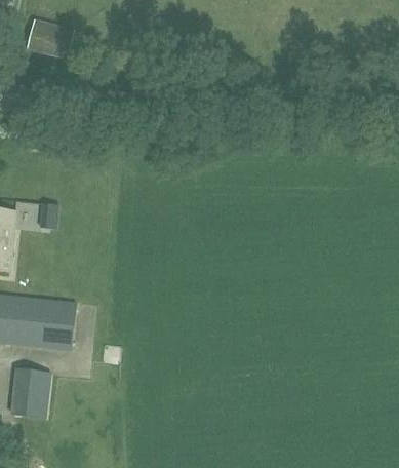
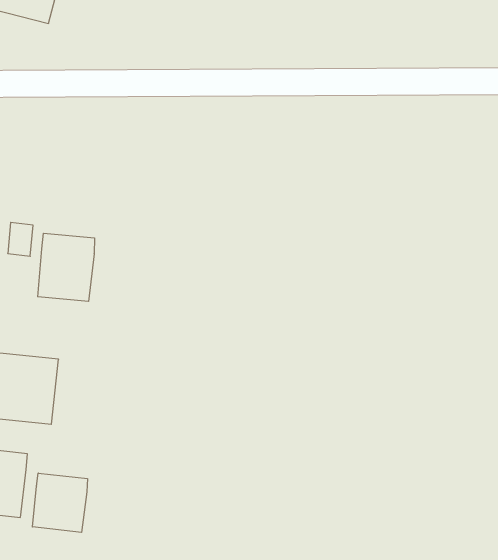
building: none -> [38,233,94,301]
building: none -> [32,473,87,532]

